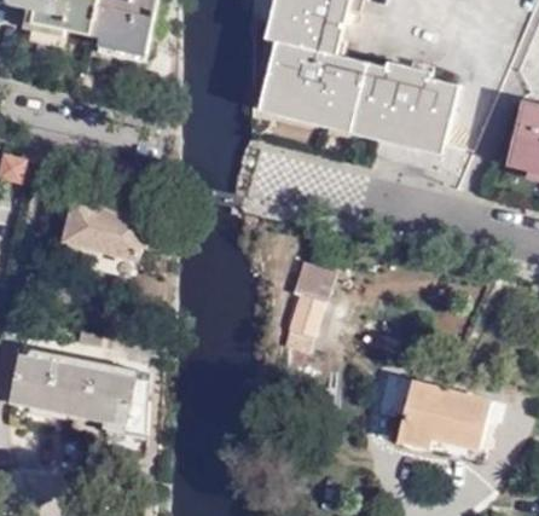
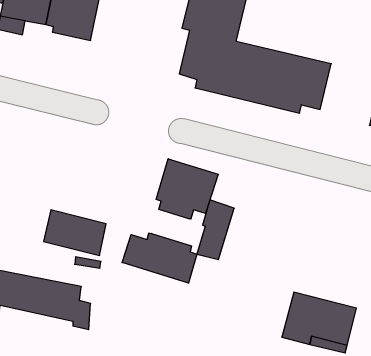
building: [62,199,143,259] -> [44,210,106,255]
building: none -> [156,159,218,219]
building: none -> [122,233,197,283]

